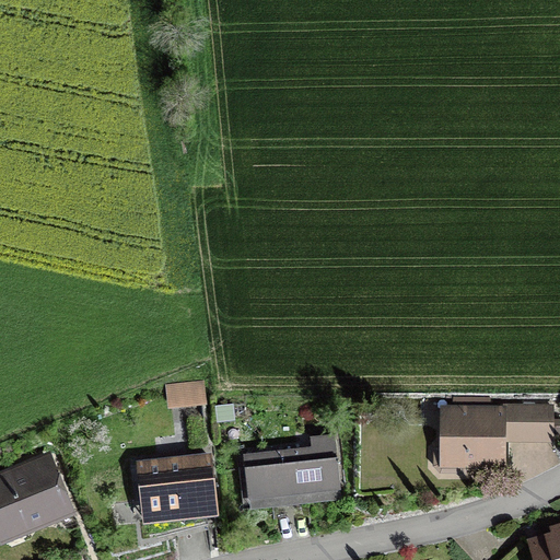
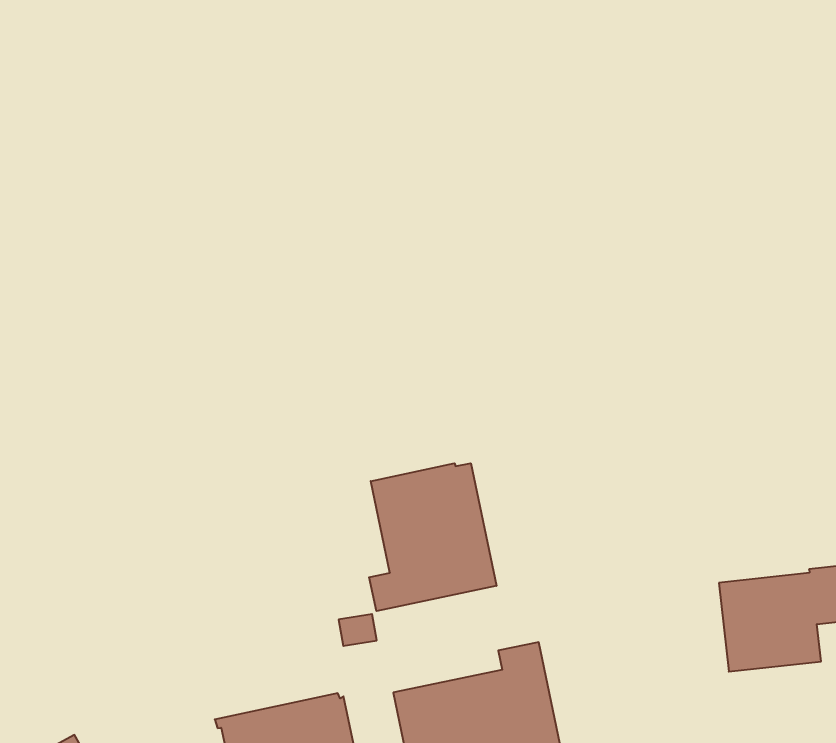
building: none -> [369,463,496,611]
building: [165,377,208,408] -> none

